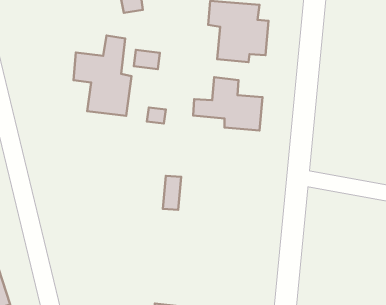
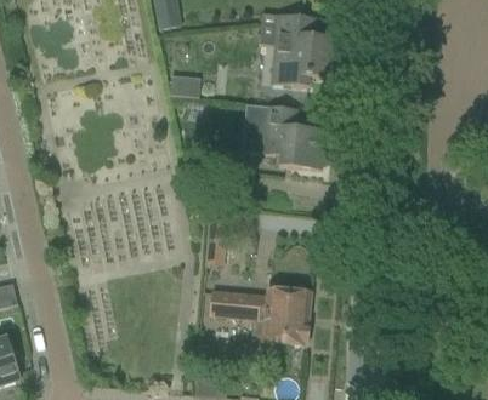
building: [73,36,131,116] -> none
building: none -> [209,287,311,344]

